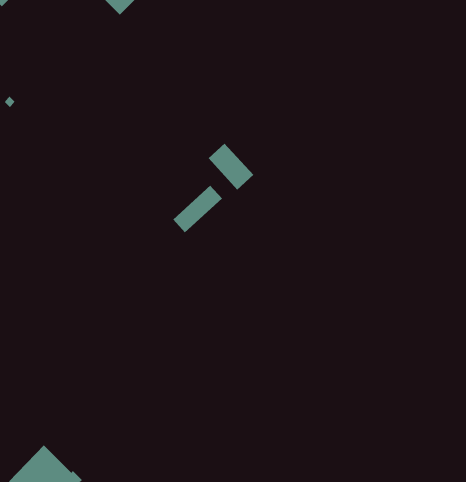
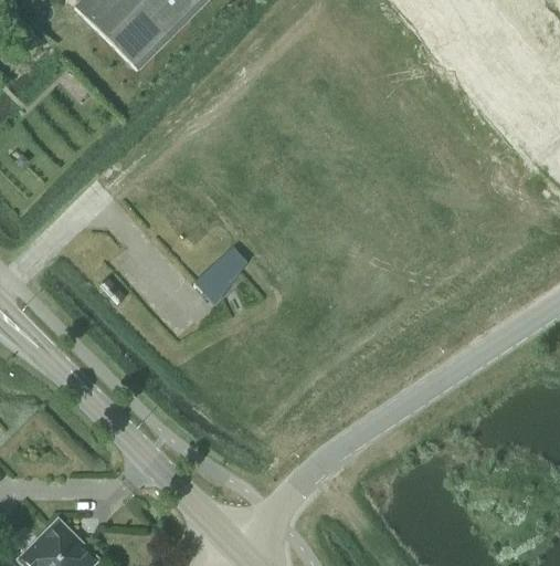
building: [208,143,254,190] -> none

